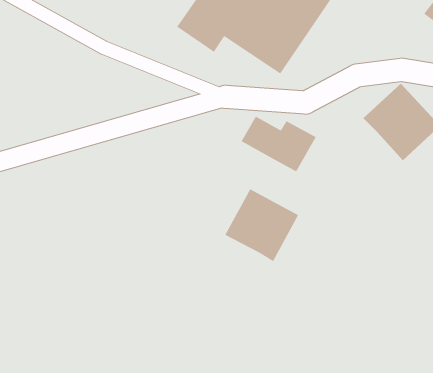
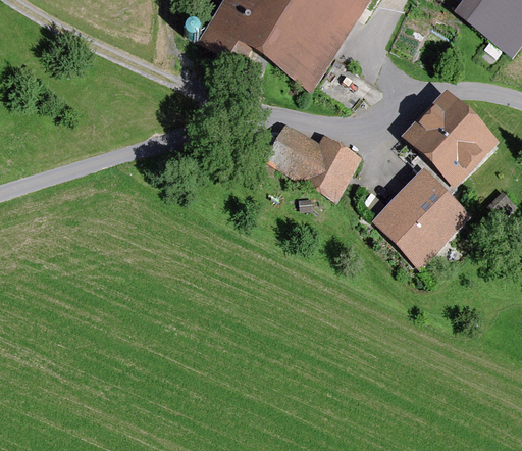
building: none -> [373,150,464,261]
building: [224,188,299,262] -> none

